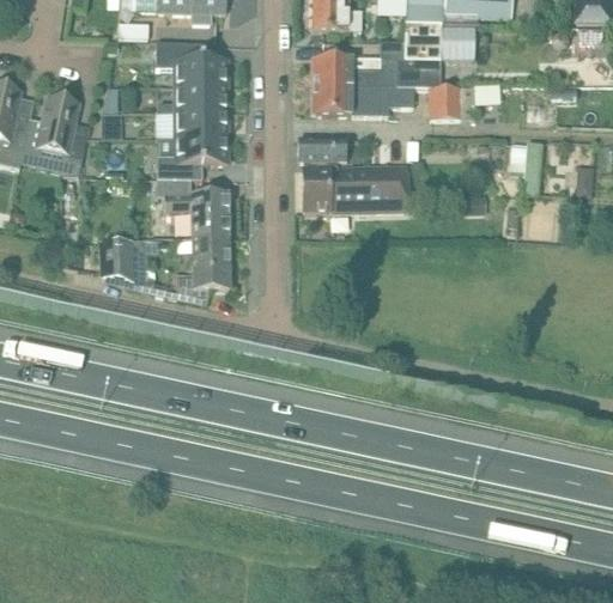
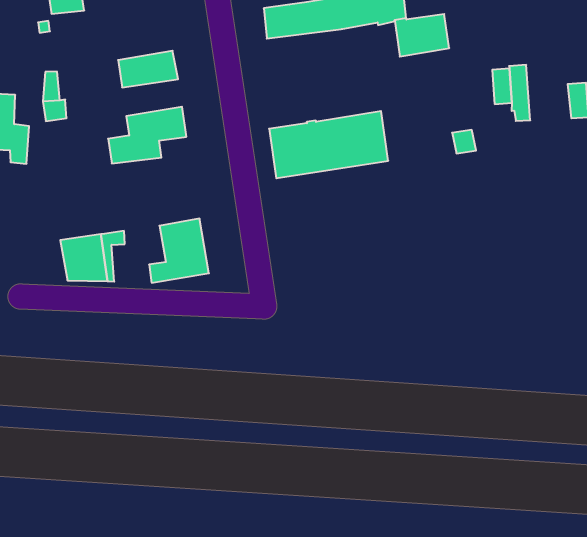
building: [156,41,226,85] -> none
building: [312,85,414,115] -> none
building: [176,110,227,136] -> none
building: [298,138,346,166] -> none
building: [158,179,229,239] -> none

